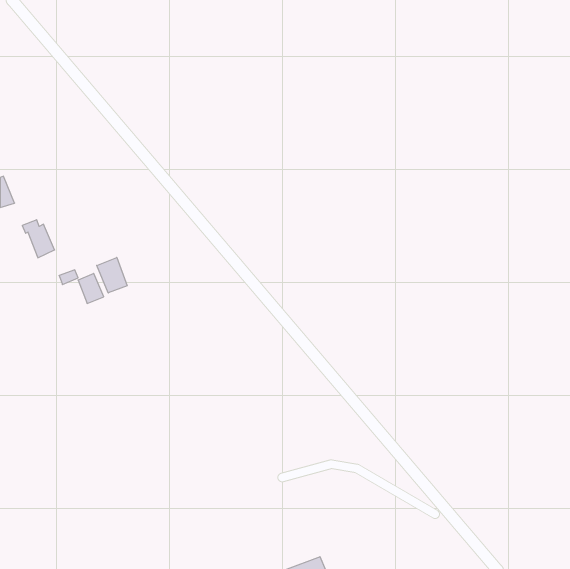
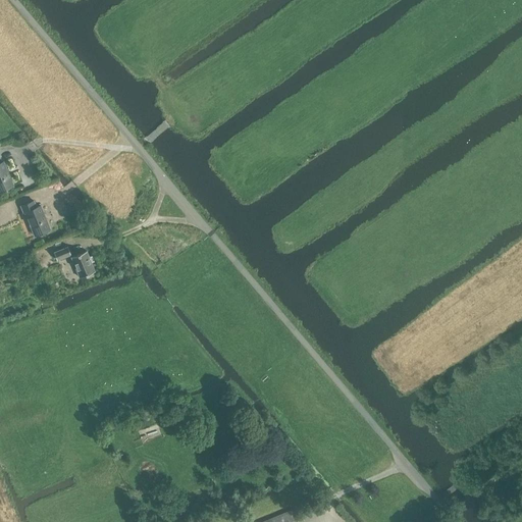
building: [97,257,127,293] -> none

